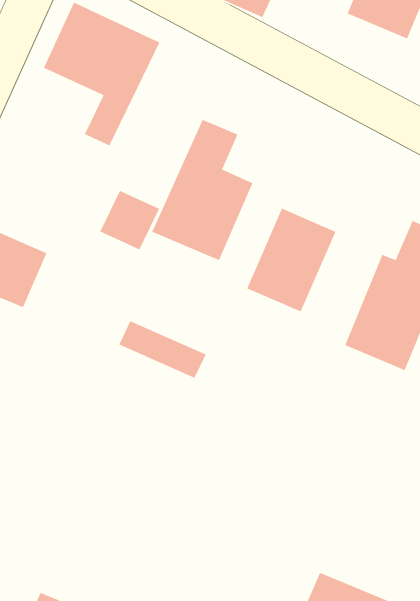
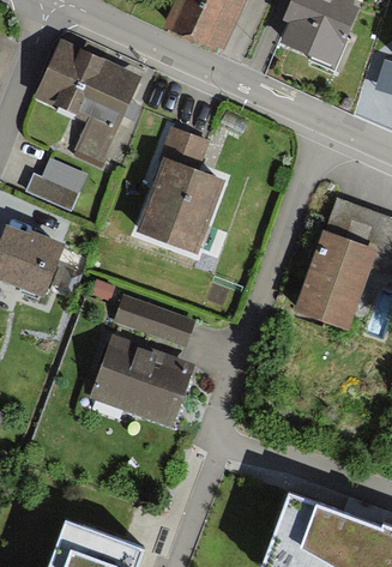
building: [99,190,160,250] -> [35,161,83,209]
building: [246,208,337,313] -> none
building: none -> [96,340,187,421]

